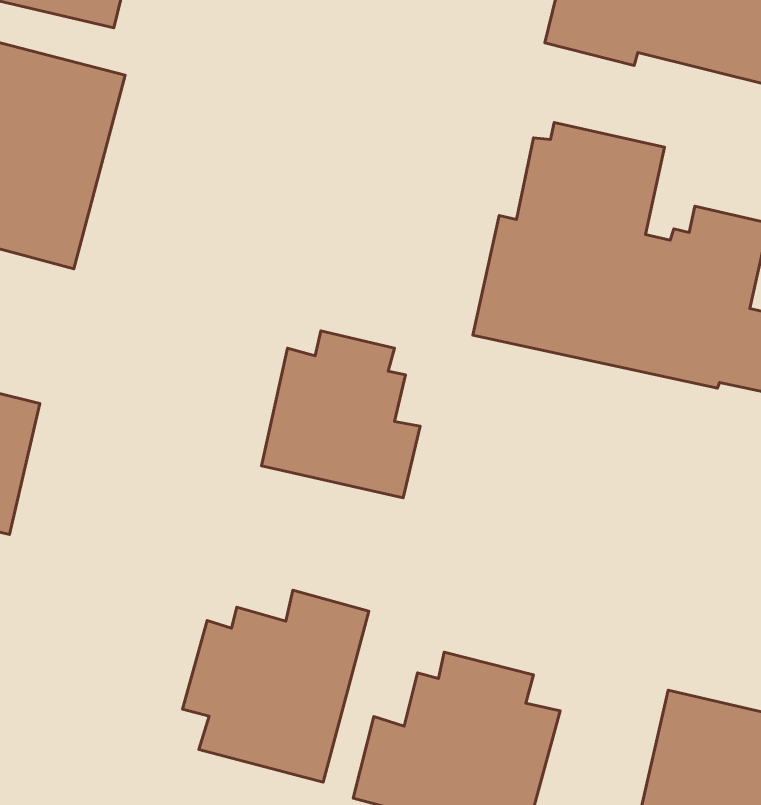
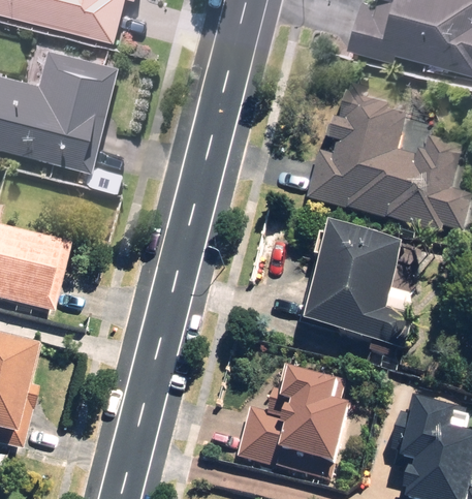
building: [261,331,420,498] -> none
building: none -> [303,230,414,347]
building: [183,590,369,782] -> none

